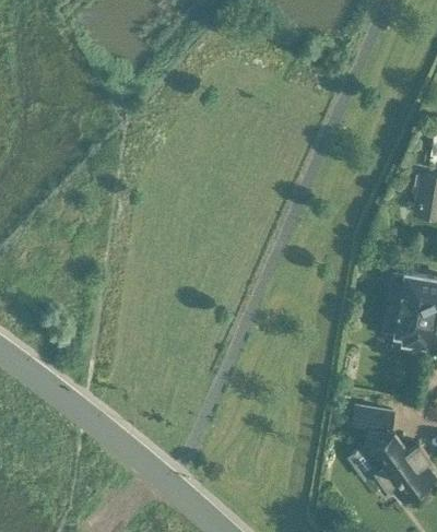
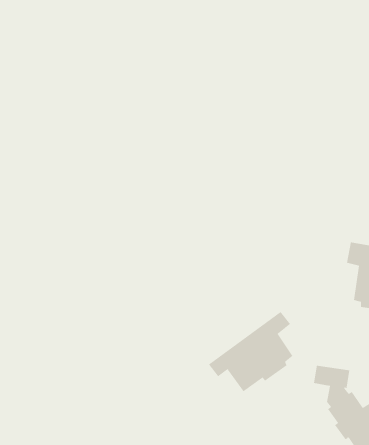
building: none -> [208,311,293,392]

